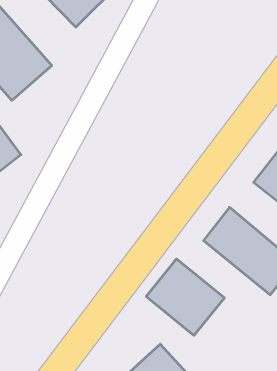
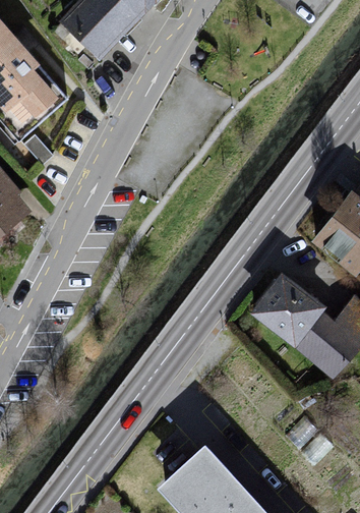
building: [146,259,224,335] -> none

